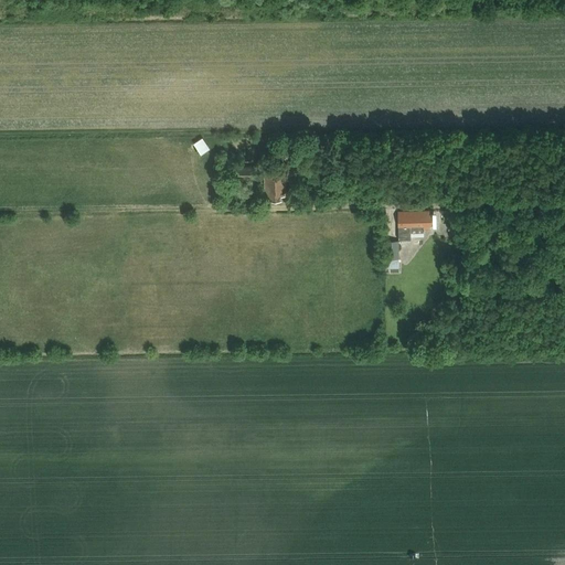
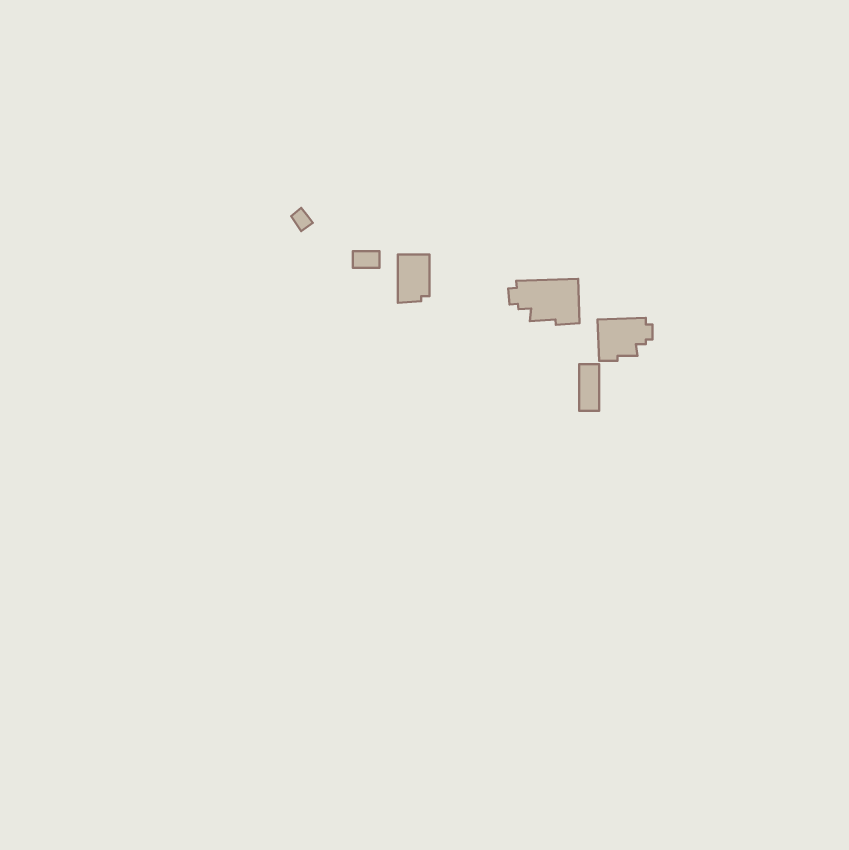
building: none -> [508,279,579,325]

